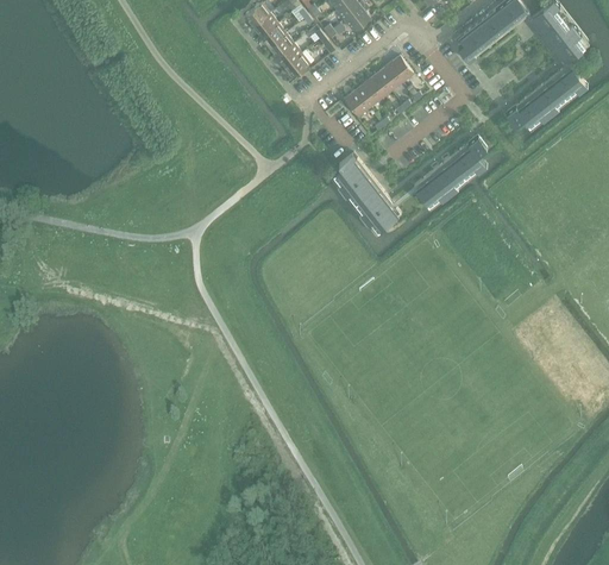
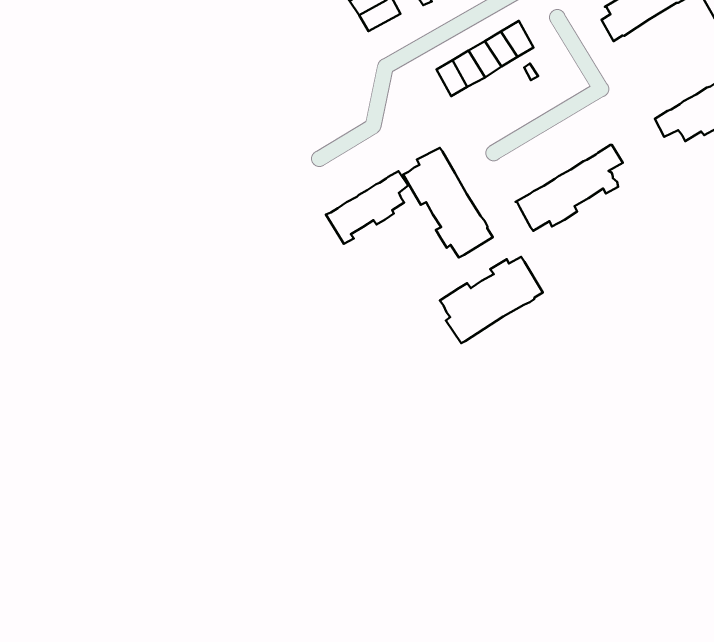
building: none -> [326,171,408,244]
building: none -> [440,257,543,343]

